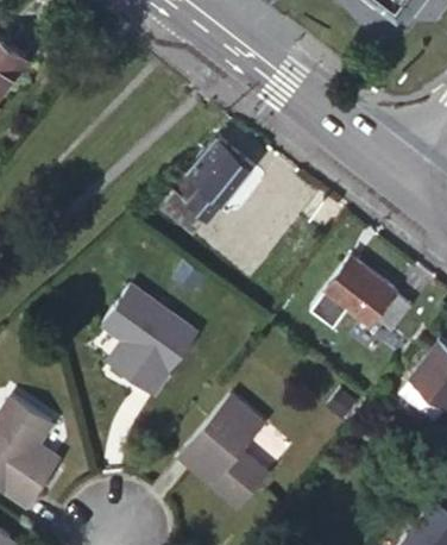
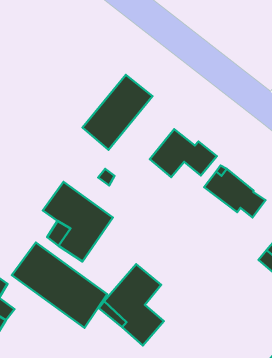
building: none -> [150,129,217,177]
building: none -> [12,243,107,328]

